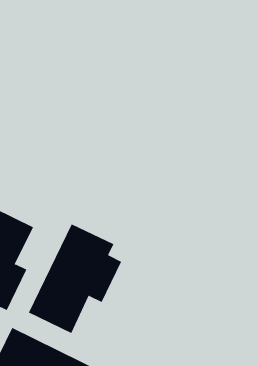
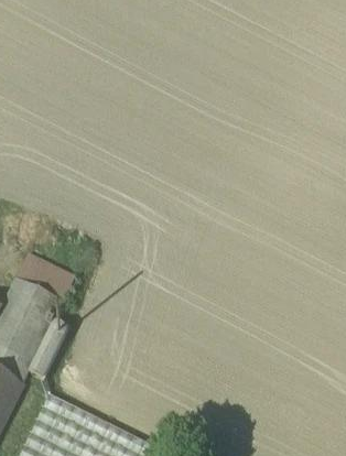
building: [28,224,122,334] -> none

